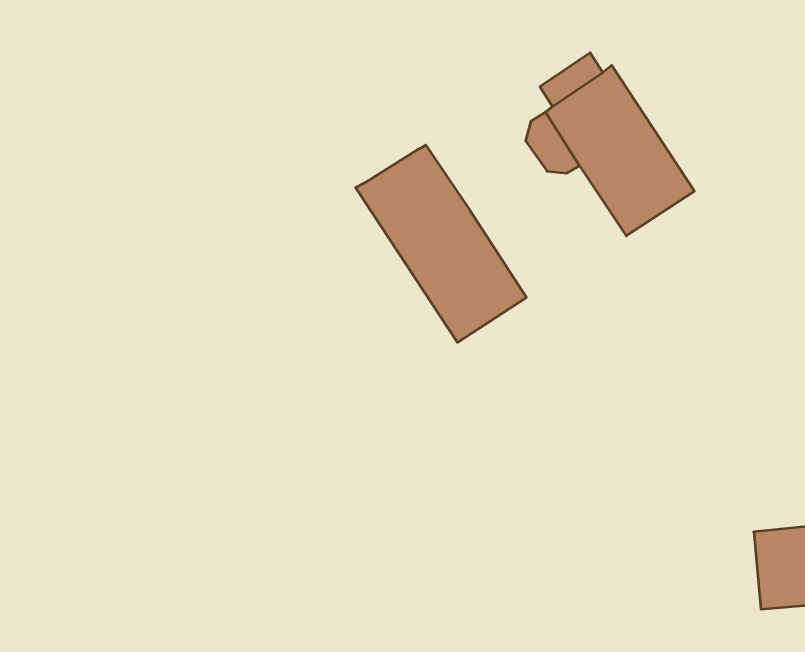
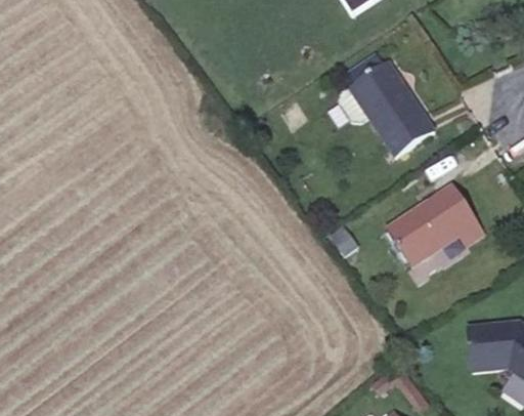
building: [356,145,526,342] -> none
building: none -> [389,185,484,264]

